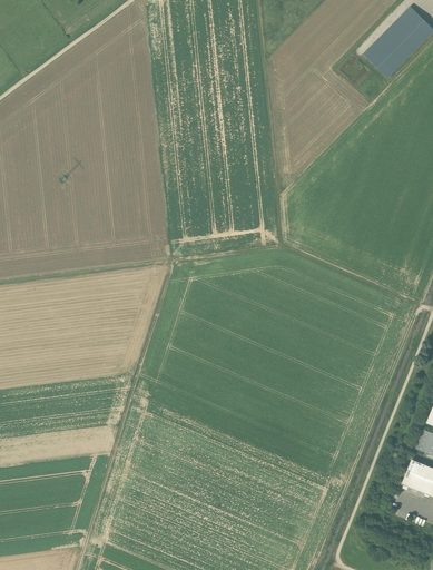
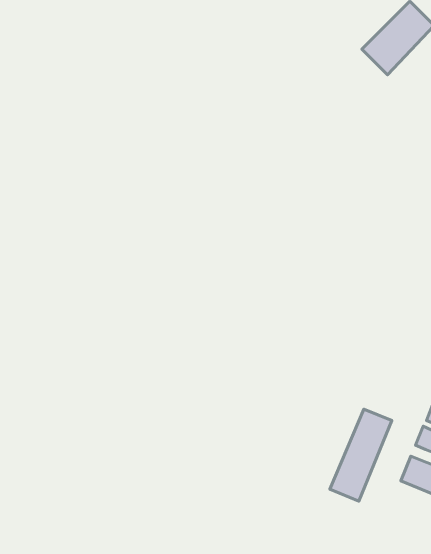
building: none -> [330,409,392,501]

